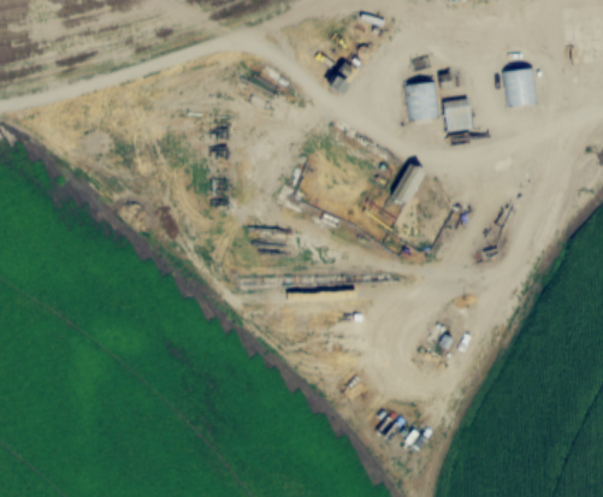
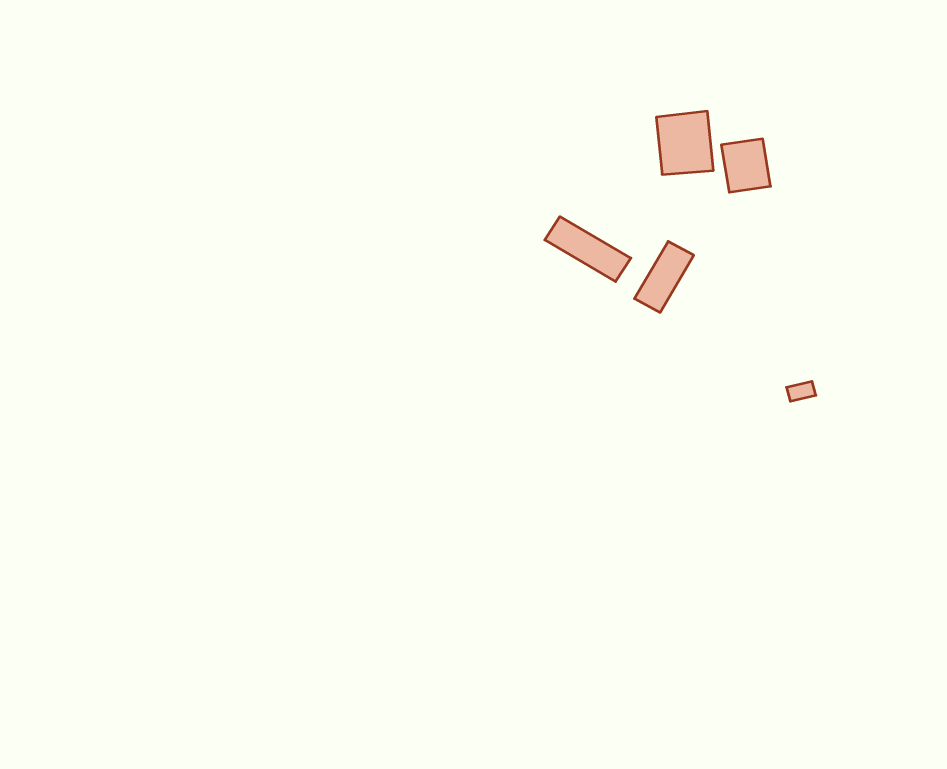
building: [501,69,537,107] -> none
building: none -> [545,217,631,282]

